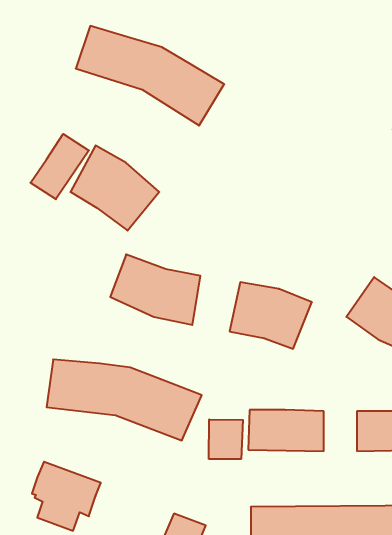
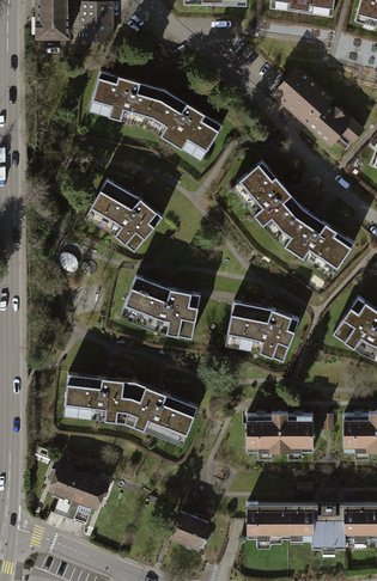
building: none -> [268,63,365,148]
building: none -> [231,158,355,277]
building: [30,134,89,199] -> none
building: [209,419,243,459] -> none

